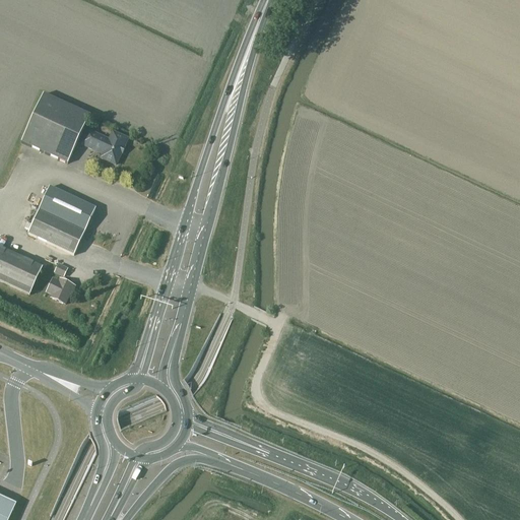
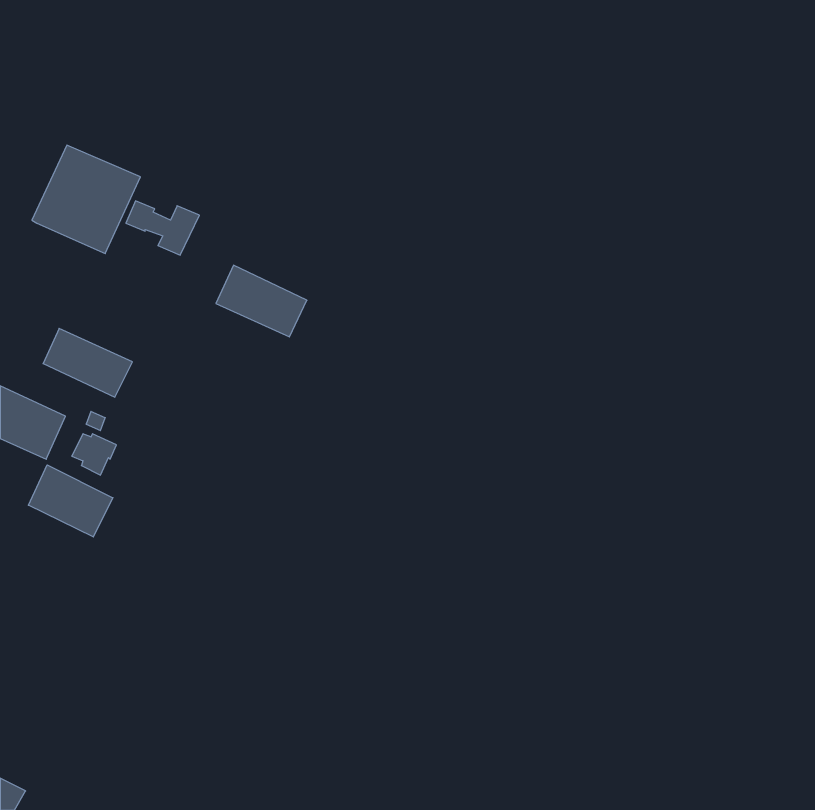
building: [38,185,95,231] -> [216,265,307,337]
building: none -> [28,465,113,537]

